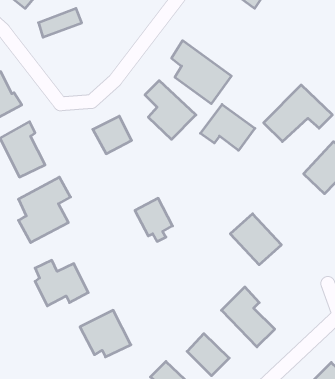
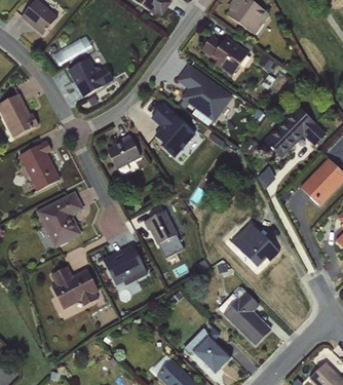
building: none -> [201,33,249,75]
building: none -> [67,57,114,97]
building: [200,104,255,150] -> none
building: [80,310,131,357] -> [103,244,150,287]

